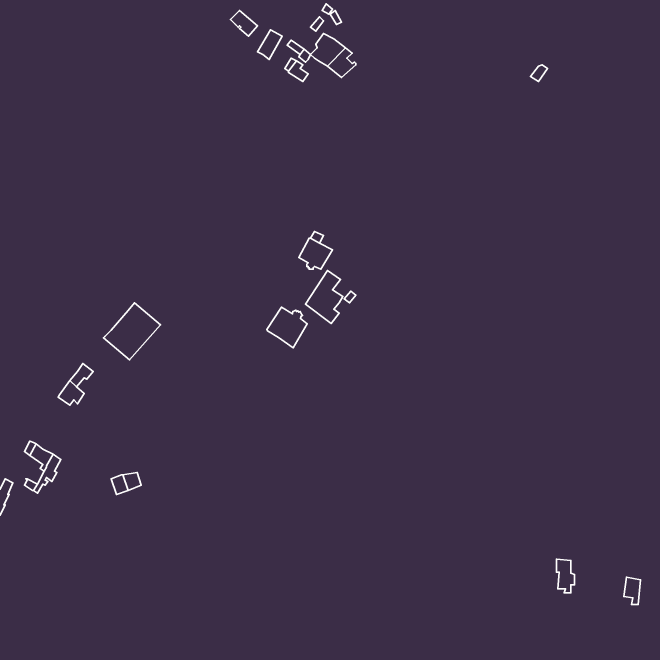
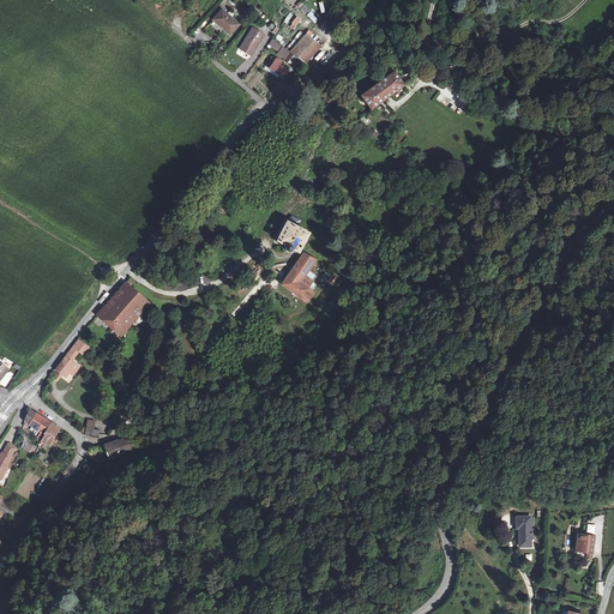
building: none -> [361,71,409,108]
building: [267,307,307,348] -> none

